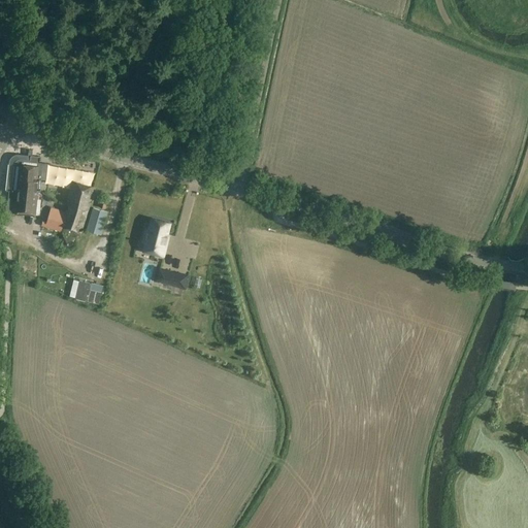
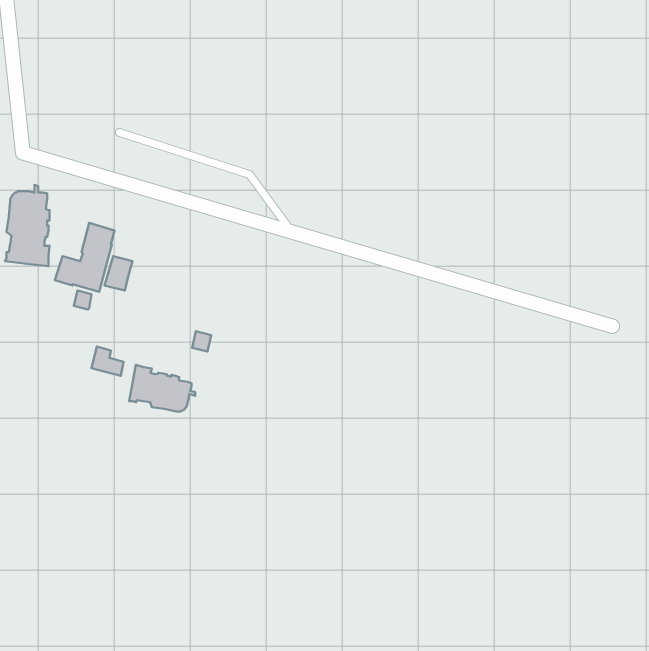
building: [142,219,168,256] -> none
building: none -> [129,365,195,412]

